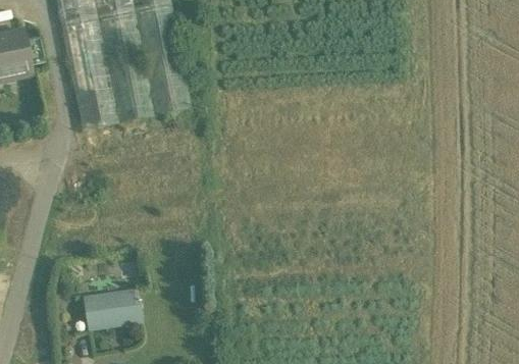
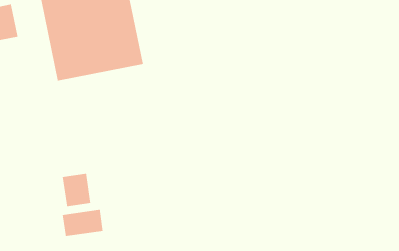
building: none -> [62,173,91,207]

